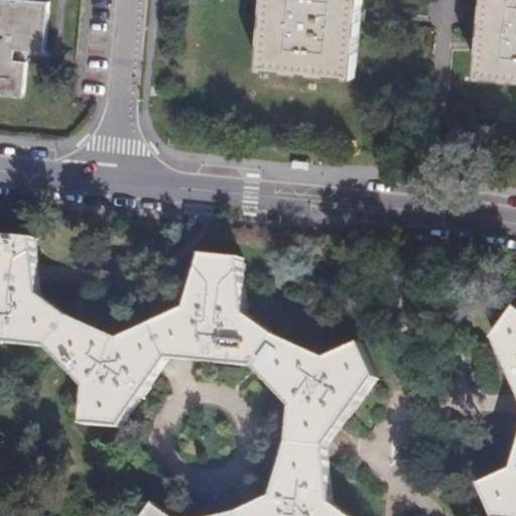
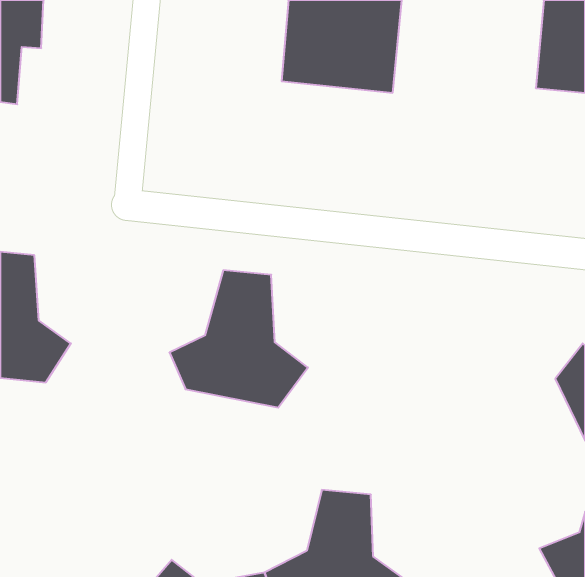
building: [40,309,163,422] -> none
building: [245,331,373,442] -> none

